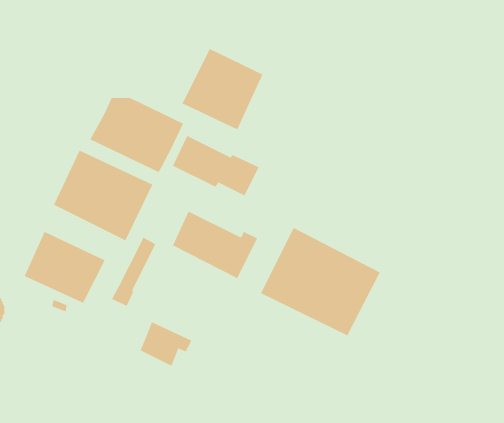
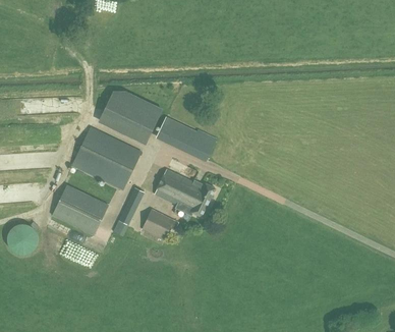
building: [182,48,263,130] -> none
building: [260,227,380,336] -> none
building: [140,322,192,367] -> [142,209,178,240]

